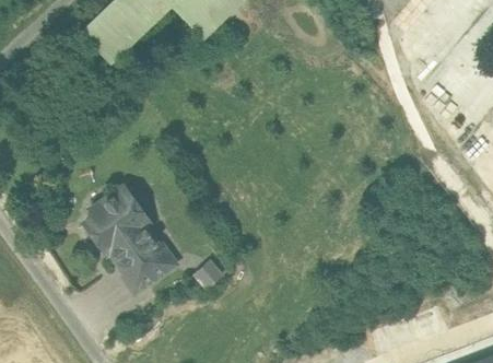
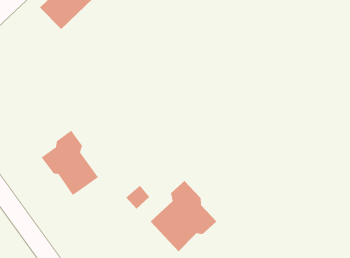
building: [122,245,176,292] -> none
building: none -> [150,180,217,252]

